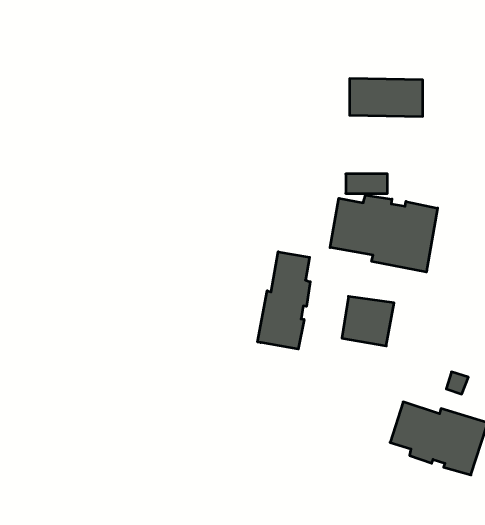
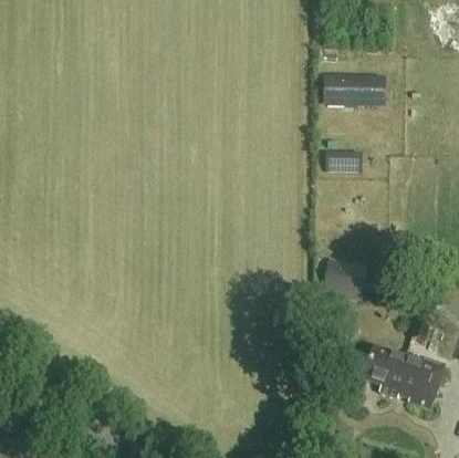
building: [330,195,438,272] -> none
building: [258,252,310,349] -> none

